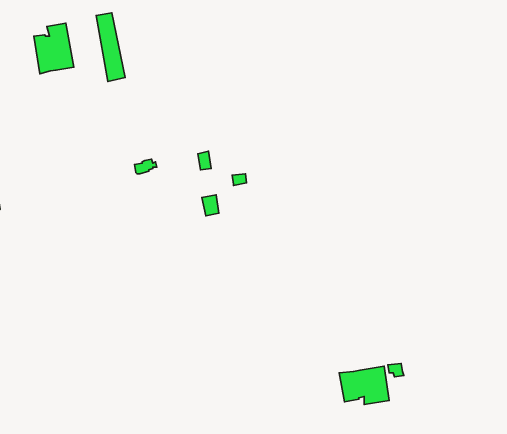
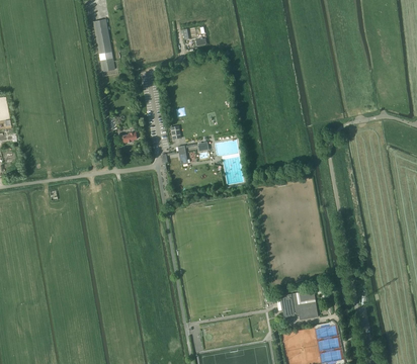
building: [34,23,74,74] -> none

